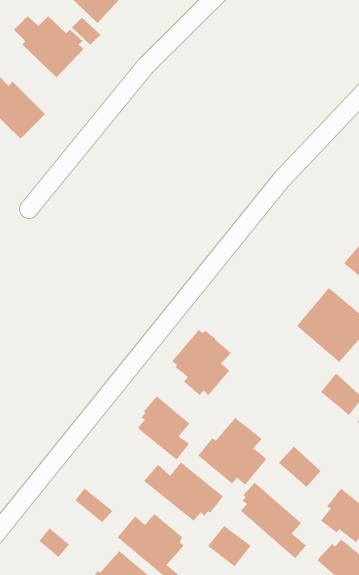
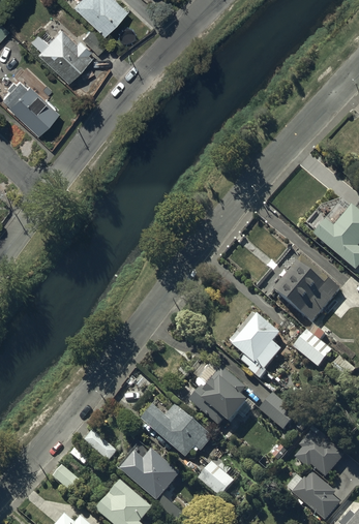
building: [171,329,231,396] -> [230,312,281,370]
building: [137,395,190,461] -> none
building: [240,482,307,559] -> none

